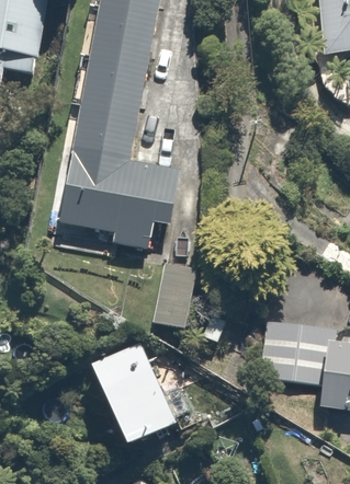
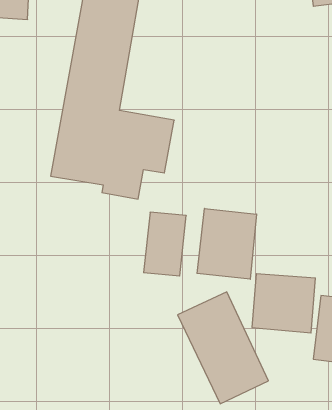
building: none -> [197,208,257,279]
building: [91,341,182,452] -> [178,292,268,404]

